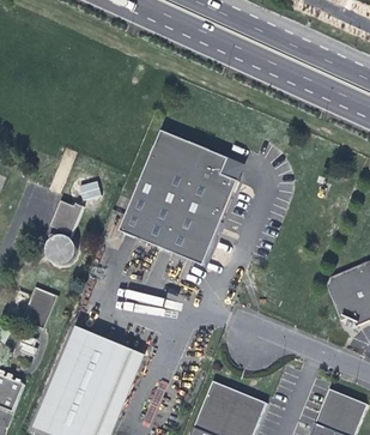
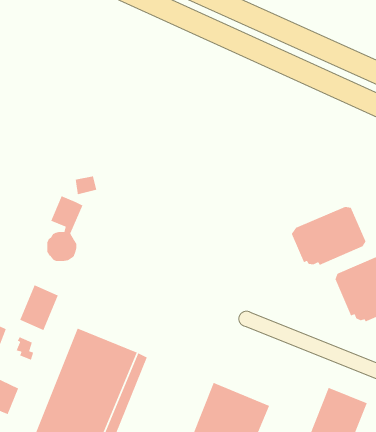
building: [120,128,241,264] -> none
building: none -> [291,206,367,266]

